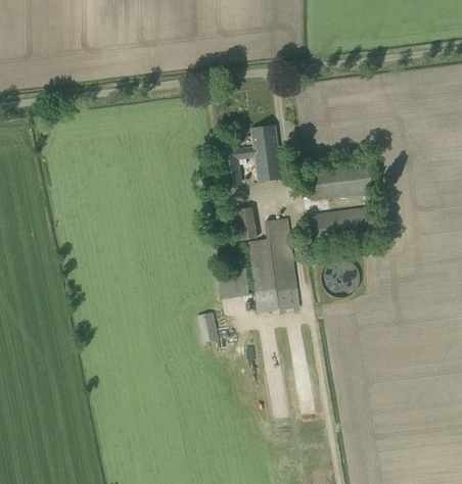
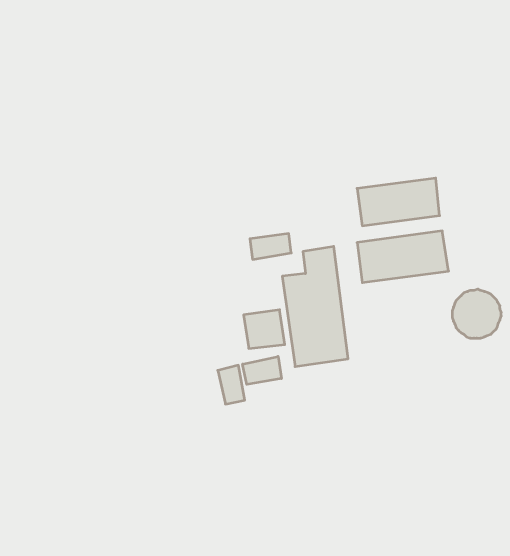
building: [220,125,283,187] -> none
building: [321,258,360,297] -> [452,289,501,338]
building: none -> [243,356,281,384]

